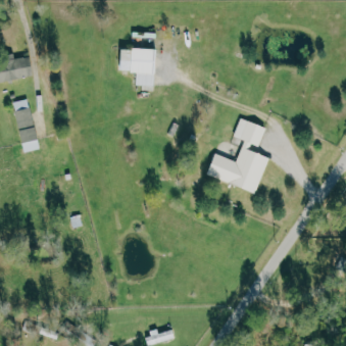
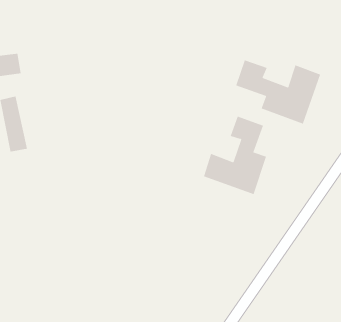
building: [121,48,156,86] -> none
building: none -> [235,60,321,125]

